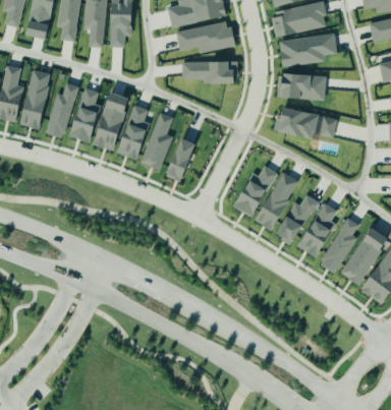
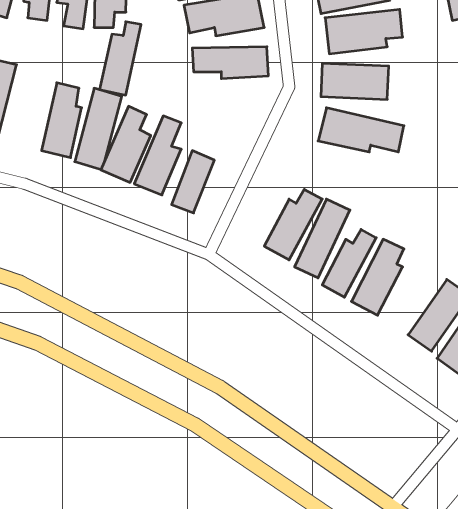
building: [46,83,76,137] -> [100,22,141,95]
building: [319,218,358,273] -> none

